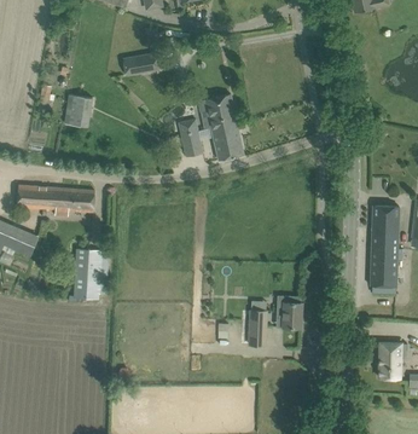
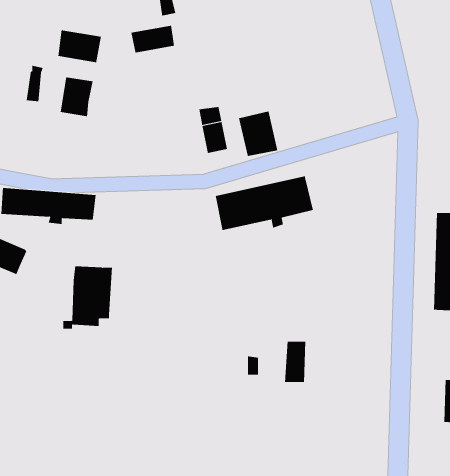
building: none -> [58,30,102,63]
building: [202,93,236,129] -> none
building: none -> [215,175,313,231]
building: [275,296,301,328] -> none

